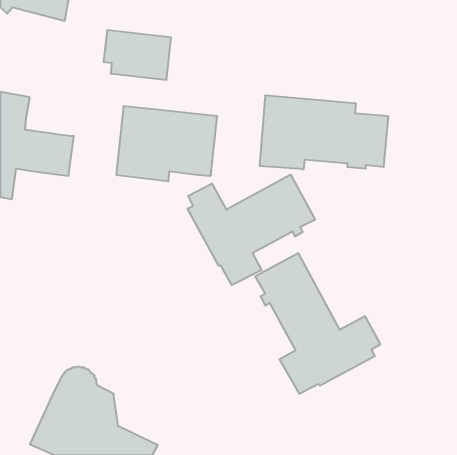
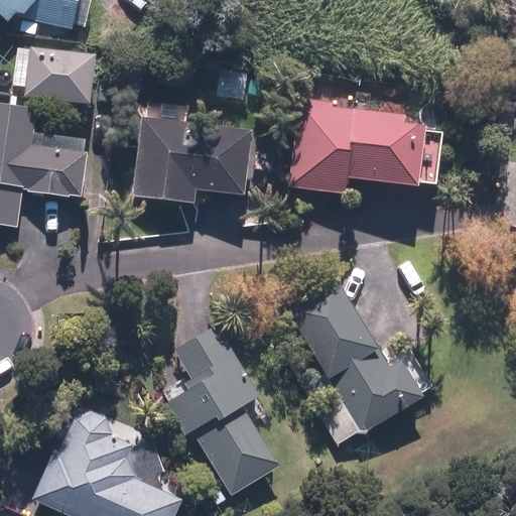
building: [104,30,171,80] -> [16,48,92,104]
building: [188,175,315,285] -> none
building: none -> [168,326,277,492]

